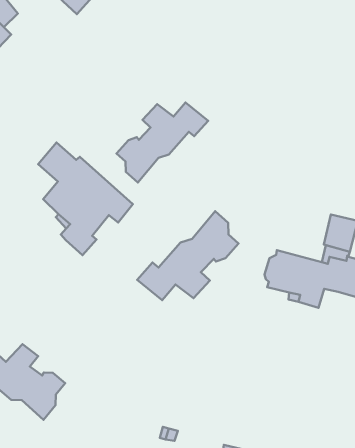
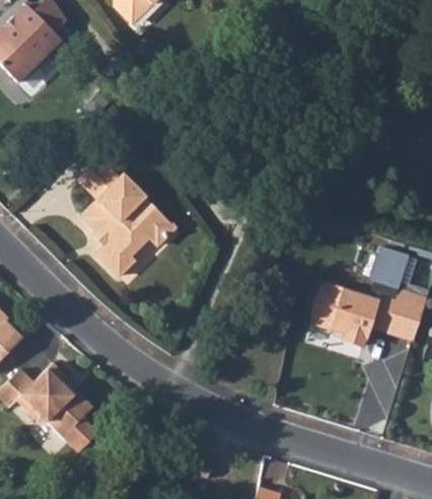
building: [116,102,208,182] -> none
building: [137,211,239,300] -> none

